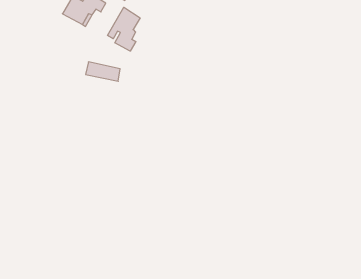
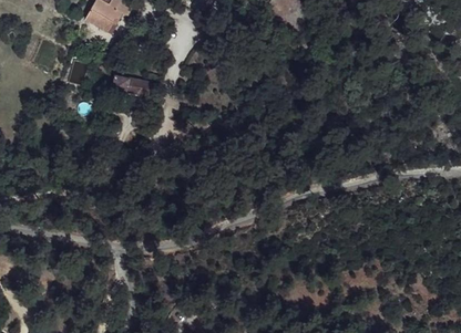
building: [108,7,140,51] -> none

